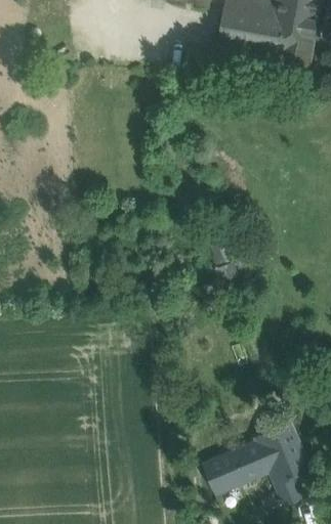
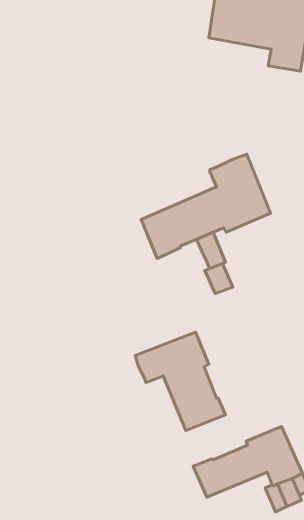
building: none -> [141,154,271,258]
building: none -> [135,332,226,431]

